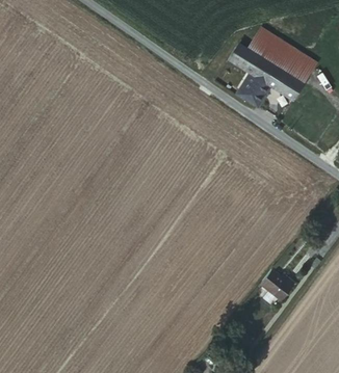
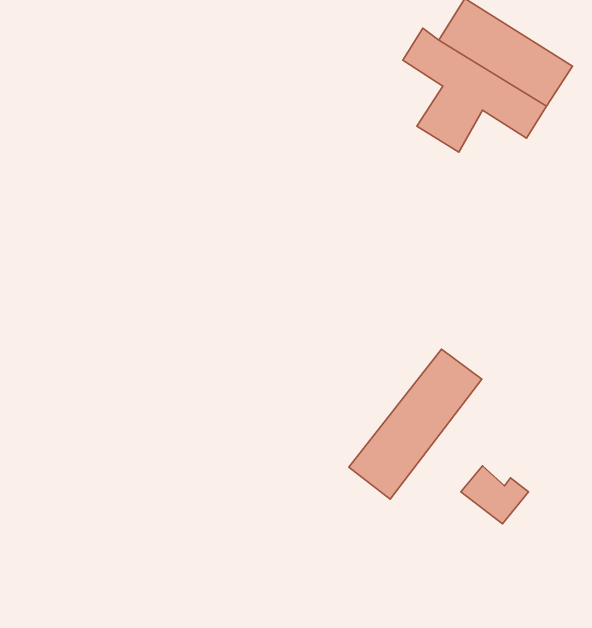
building: none -> [349,349,482,499]

